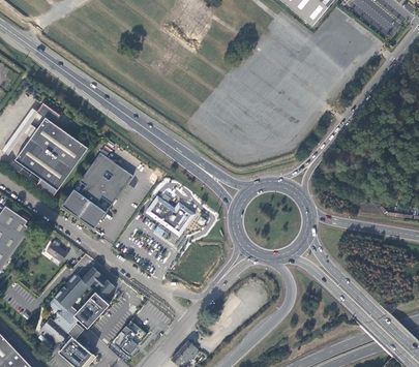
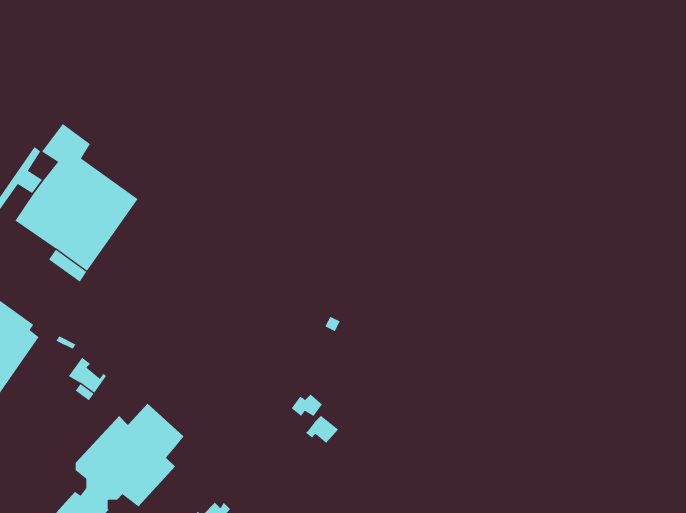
building: [62,152,132,228] -> none
building: [148,197,193,234] -> none

